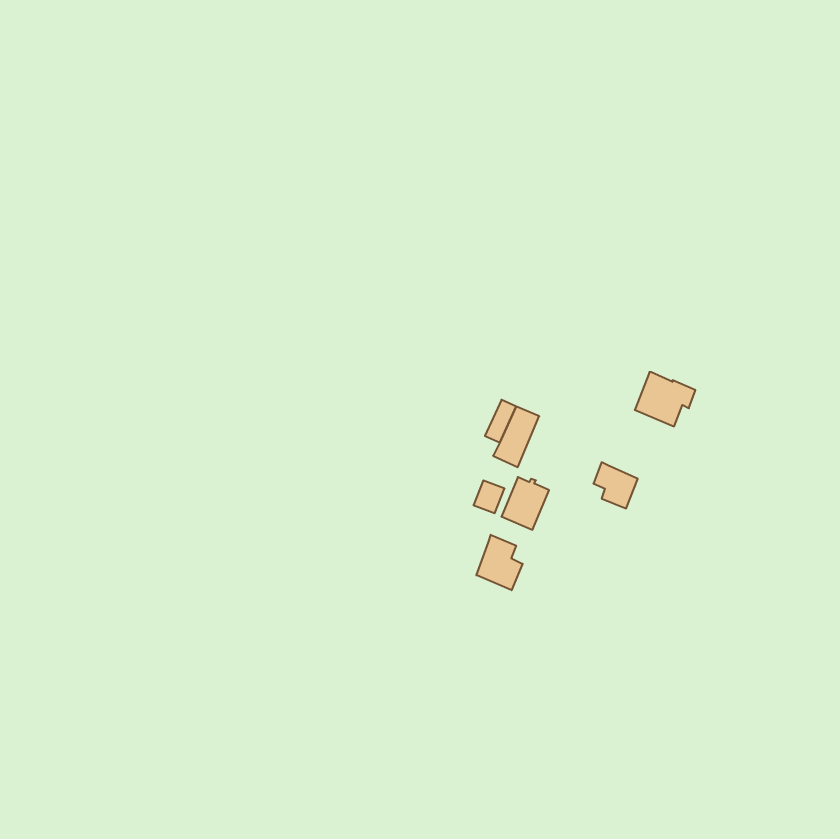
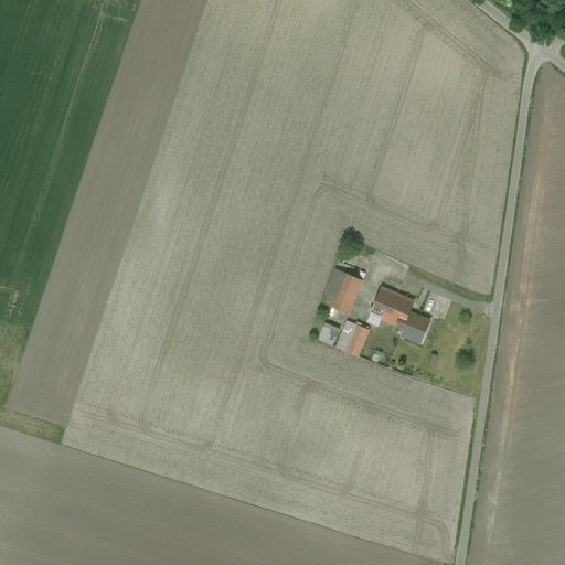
building: [635,372,695,426] -> [372,288,413,324]
building: [476,535,523,590] -> none

